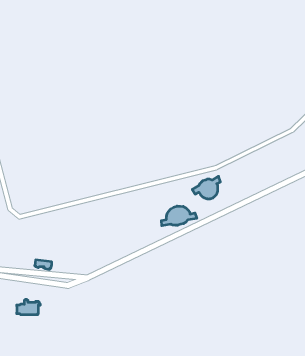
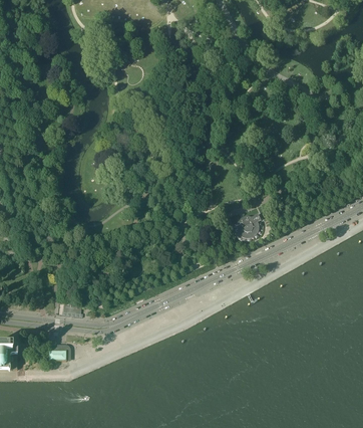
building: [161,206,197,226] -> none

